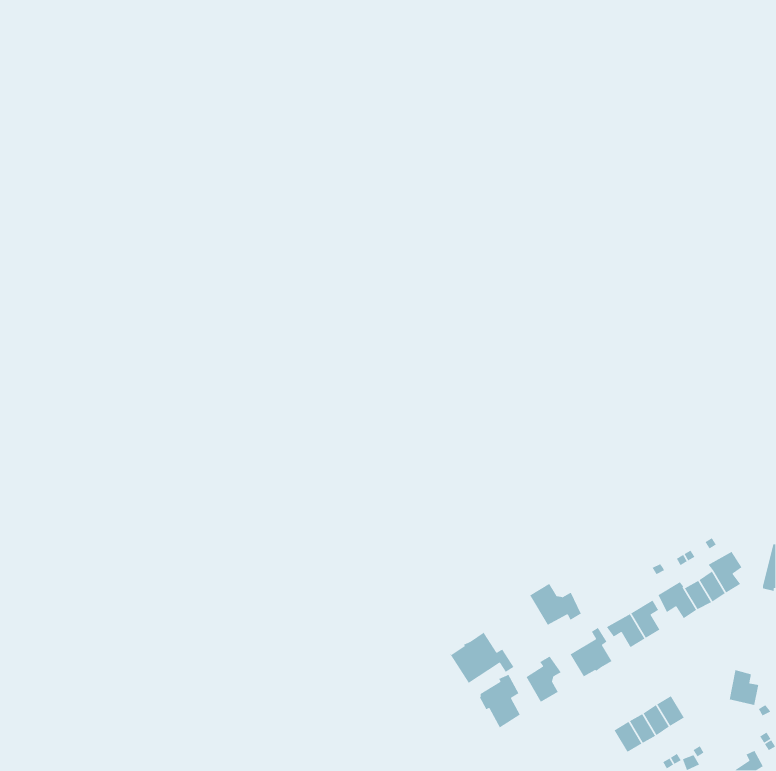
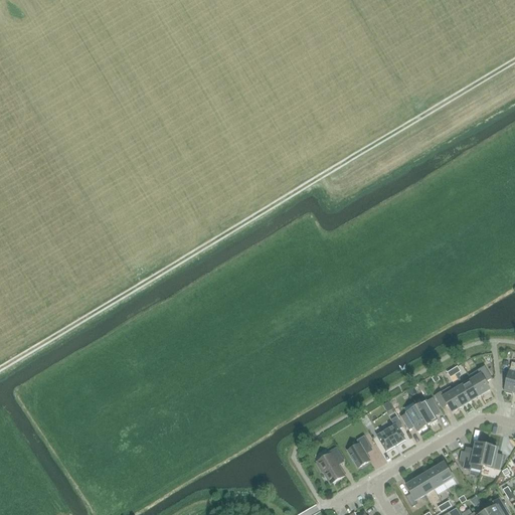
building: [529,583,582,626] -> none
building: [449,631,515,684] -> none
building: none -> [460,442,487,469]

